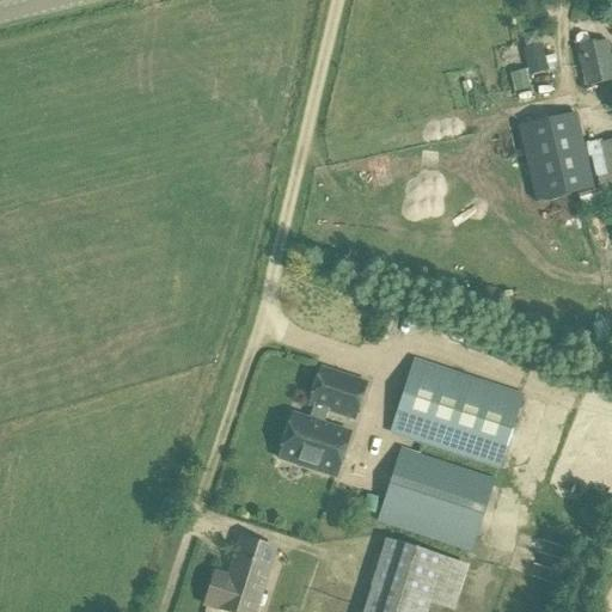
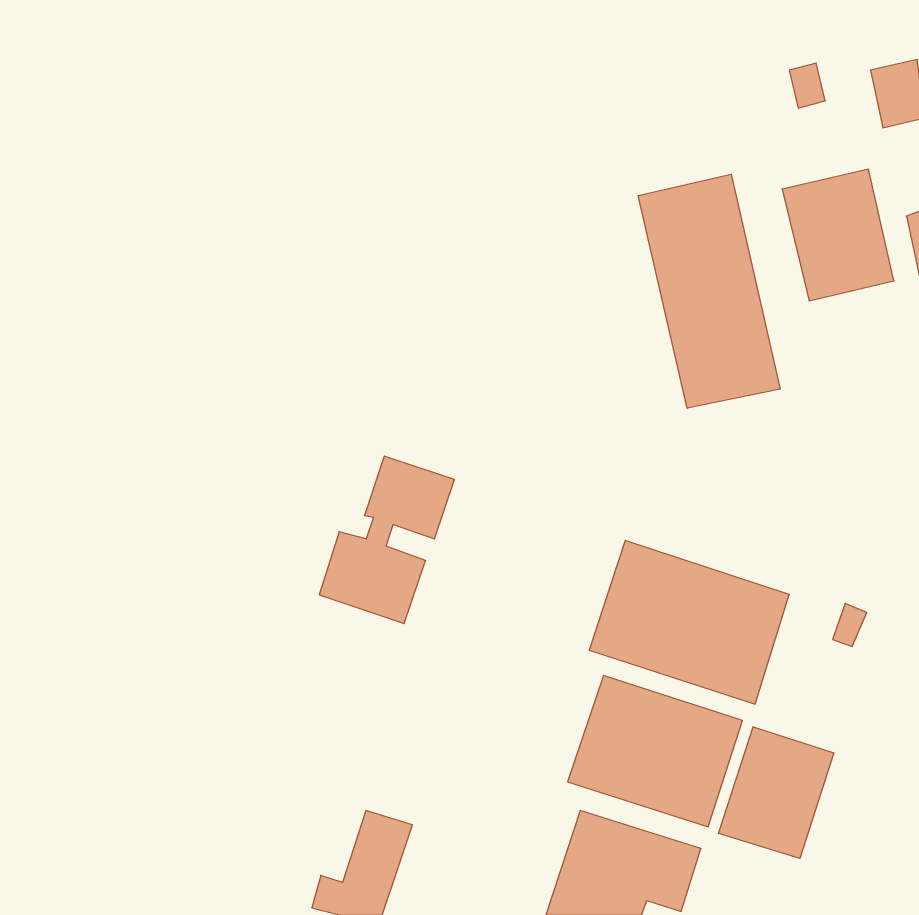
building: none -> [638,174,780,408]
building: [279,363,368,475] -> [319,456,454,624]
building: none -> [719,727,834,858]

